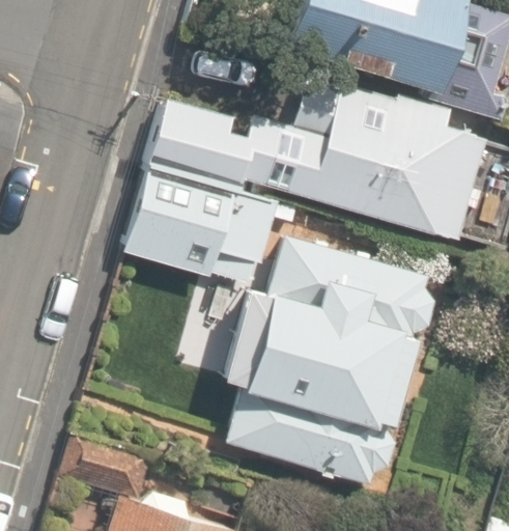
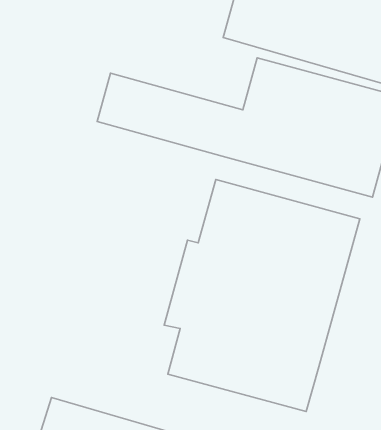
building: [112,151,285,292] -> none

